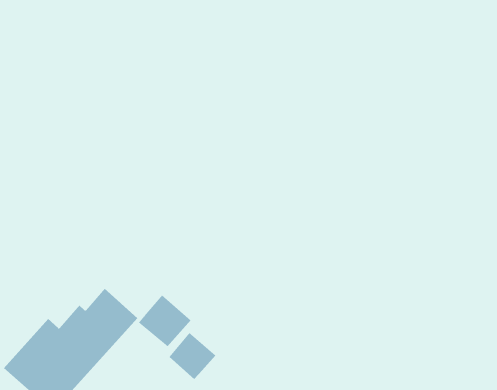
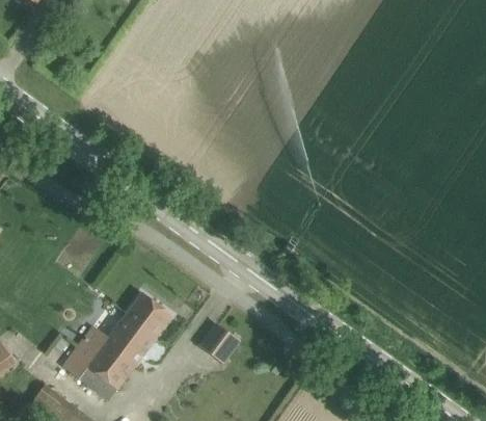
building: [138,295,192,347] -> none

